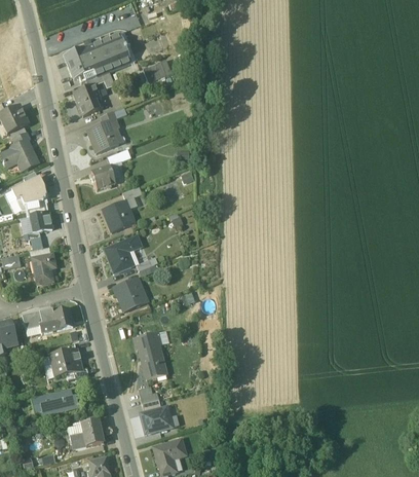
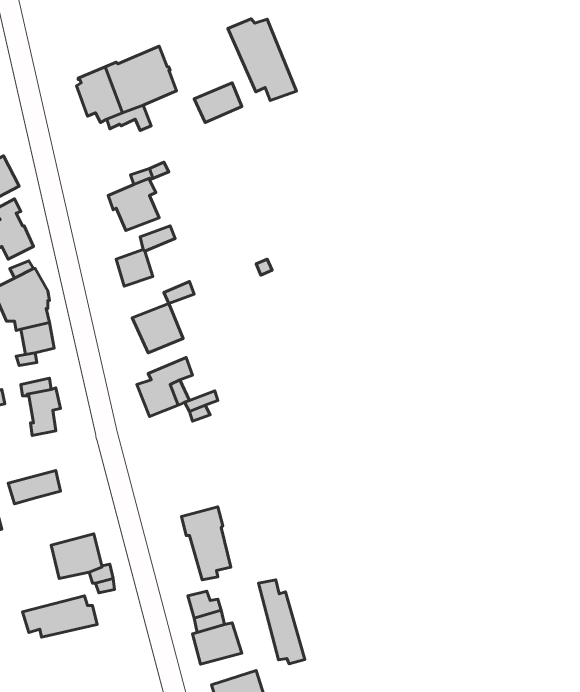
building: none -> [228,19,297,100]
building: [73,83,100,115] -> none
building: [112,277,148,311] -> none
building: [40,306,73,333] -> none
building: none -> [258,580,305,664]
building: [81,419,103,446] -> none

